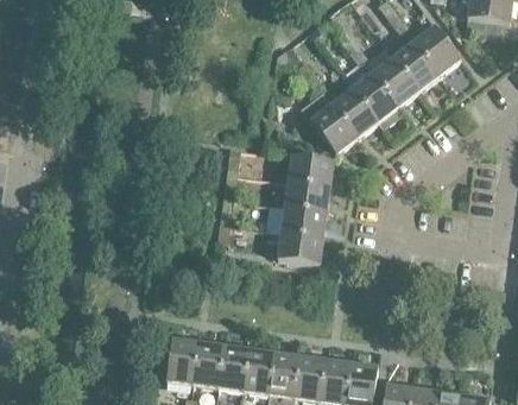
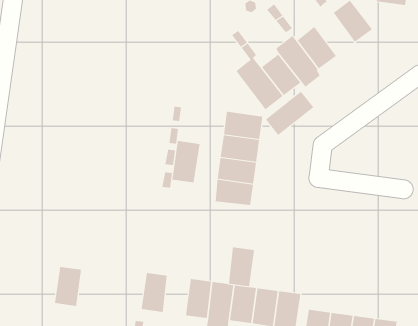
building: [393,40,440,90] -> none
building: none -> [265,91,314,136]
building: none -> [172,140,200,183]
building: [166,337,198,384] -> [54,266,82,306]
building: [219,344,249,391] -> [228,247,255,287]

